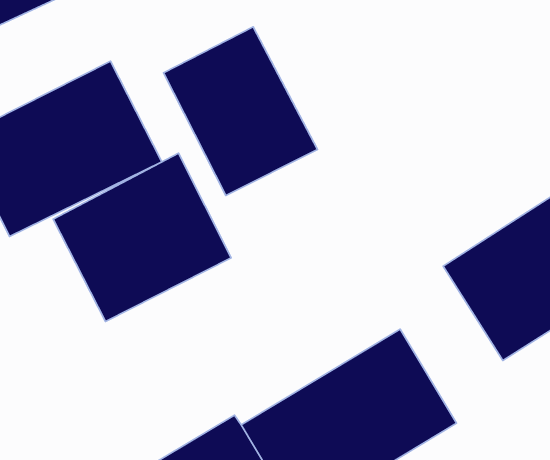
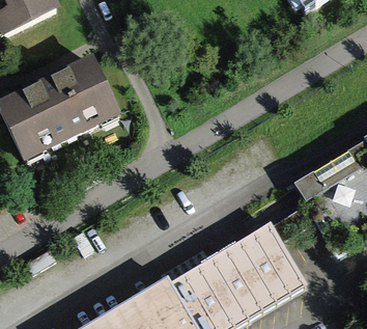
building: [164,27,317,195] -> none
building: [53,153,231,321] -> none

